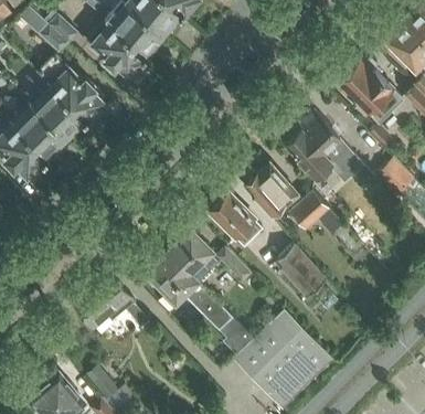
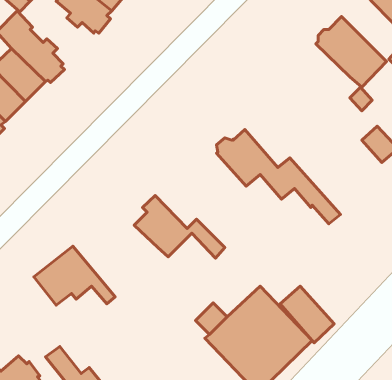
building: [284,113,364,184] -> none
building: [209,193,263,247] -> none
building: [275,246,326,299] -> [280,286,334,343]
building: [147,253,233,331] -> none

